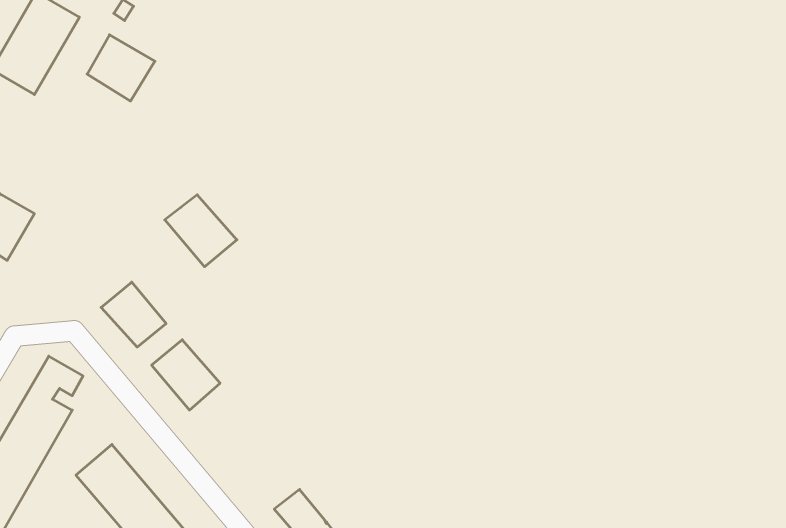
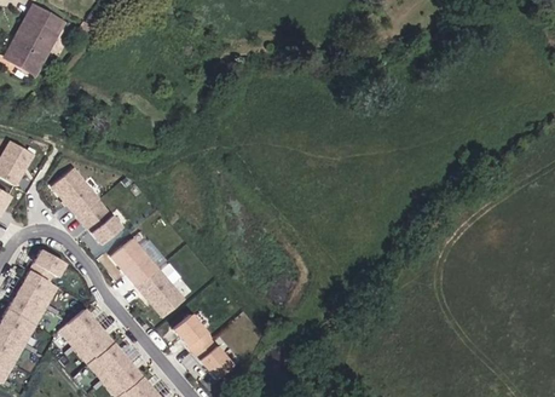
building: [87,35,155,101] -> none
building: [165,195,237,267] -> [51,168,99,217]
building: none -> [137,267,184,316]
building: none -> [169,313,208,346]

